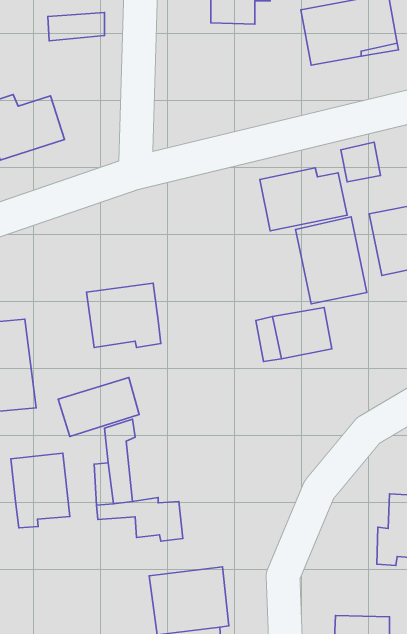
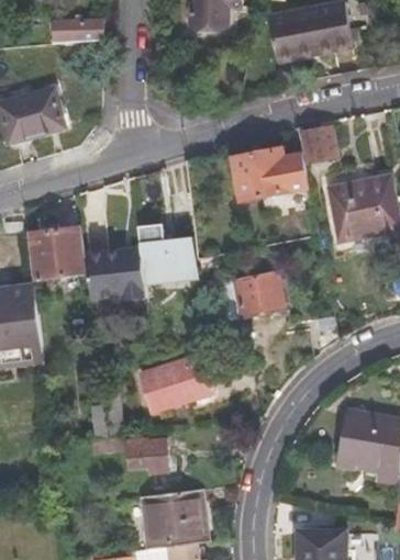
building: [296,217,367,304] -> none
building: none -> [31,225,80,265]
building: none -> [138,225,202,280]
building: [58,377,139,436] -> [153,354,222,404]
building: [11,453,70,528] -> none

